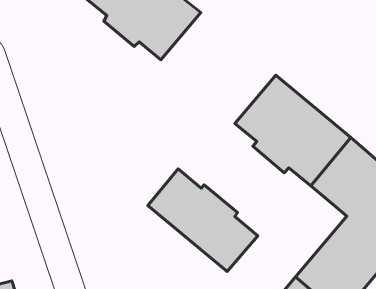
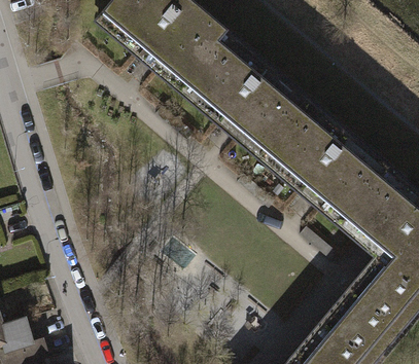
building: none -> [182,29,307,149]
building: [148,169,258,272] -> none

